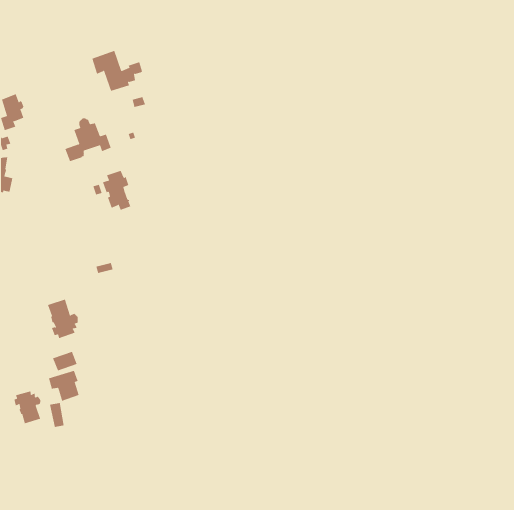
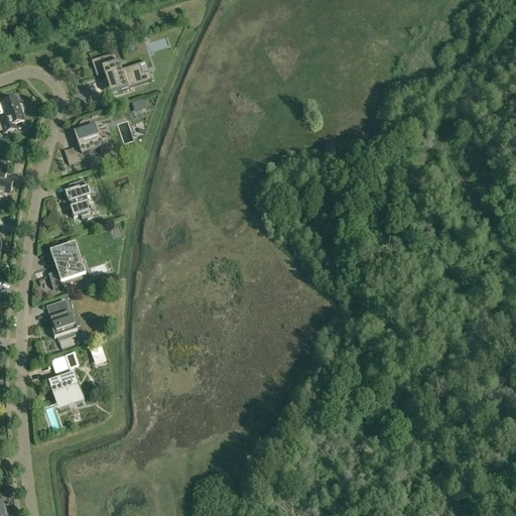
building: [102,170,131,210] -> [64,178,94,219]
building: none -> [48,242,86,287]
building: [14,390,41,424] -> none

